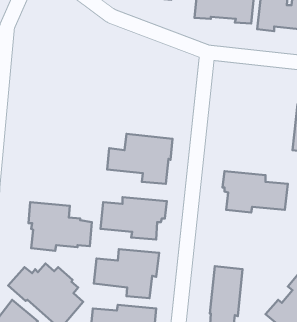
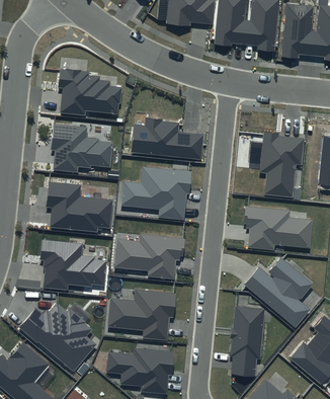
building: none -> [57,69,121,115]
building: none -> [130,117,202,159]
building: none -> [50,124,112,172]
building: none -> [258,132,303,196]
building: none -> [45,182,111,232]
building: none -> [244,257,312,326]

